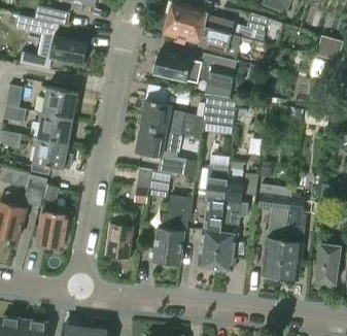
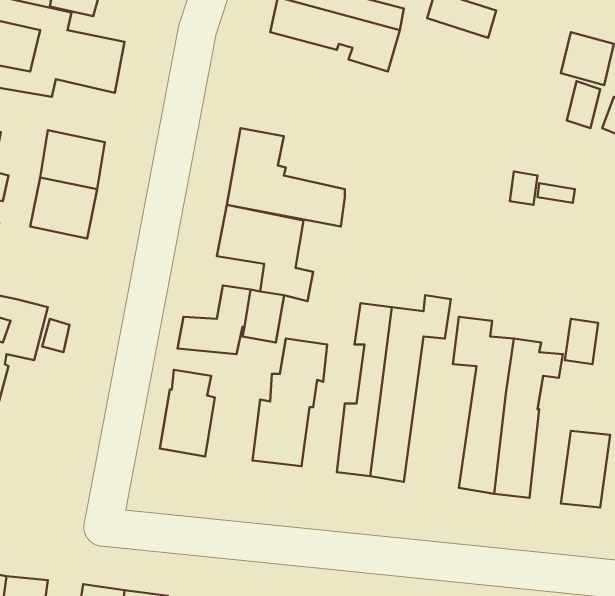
building: [153,52,236,85] -> none
building: [202,96,236,125] -> none
building: [31,136,71,176] -> none
building: [36,211,69,247] -> none

